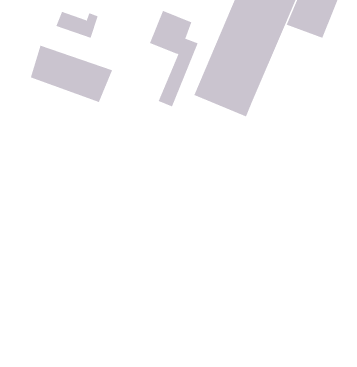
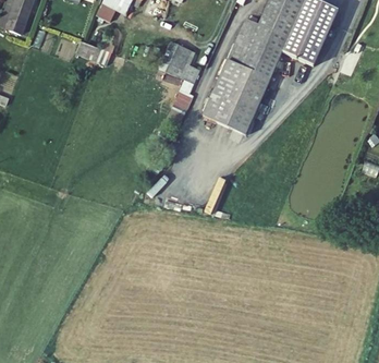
building: [30,45,113,103] -> none

